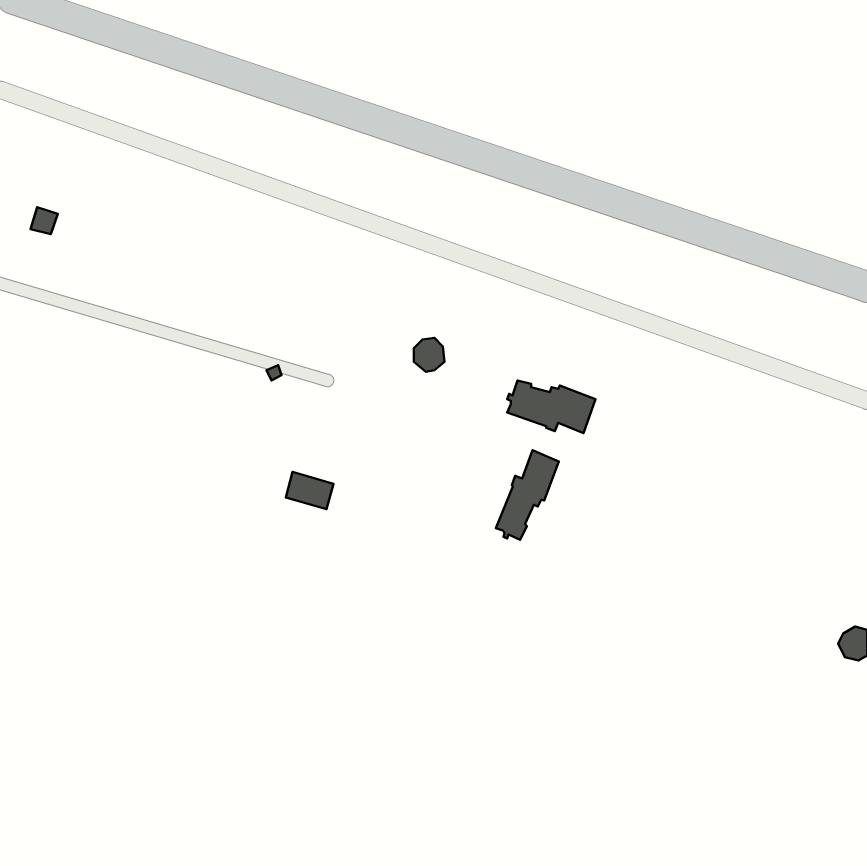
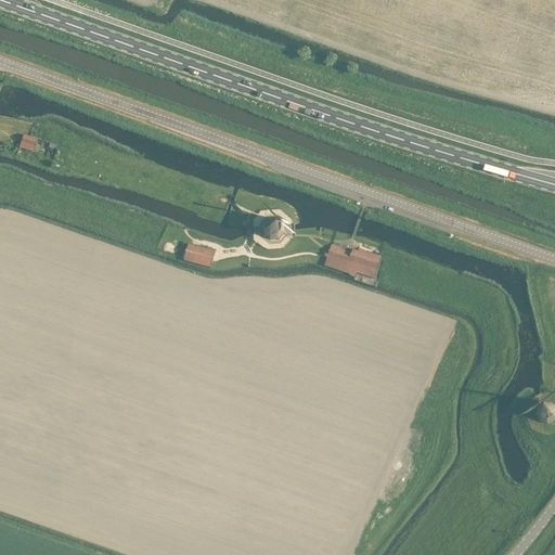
building: [496,450,559,540] -> none
building: [286,472,333,509] -> [184,243,215,267]

